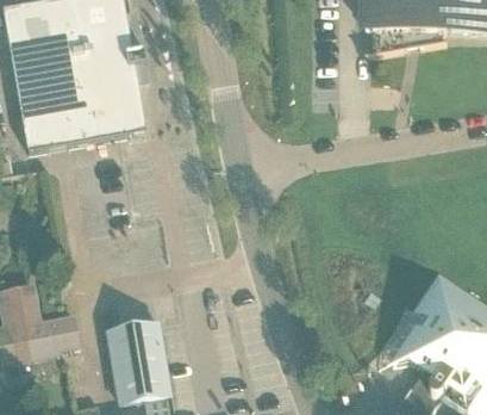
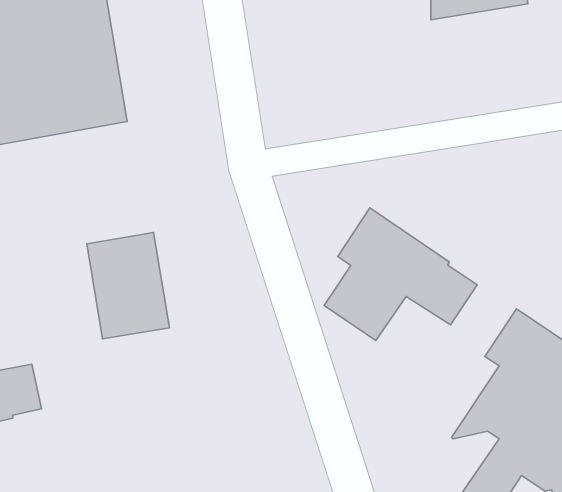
building: none -> [324,208,477,341]
building: [108,321,170,401] -> [87,233,169,339]

